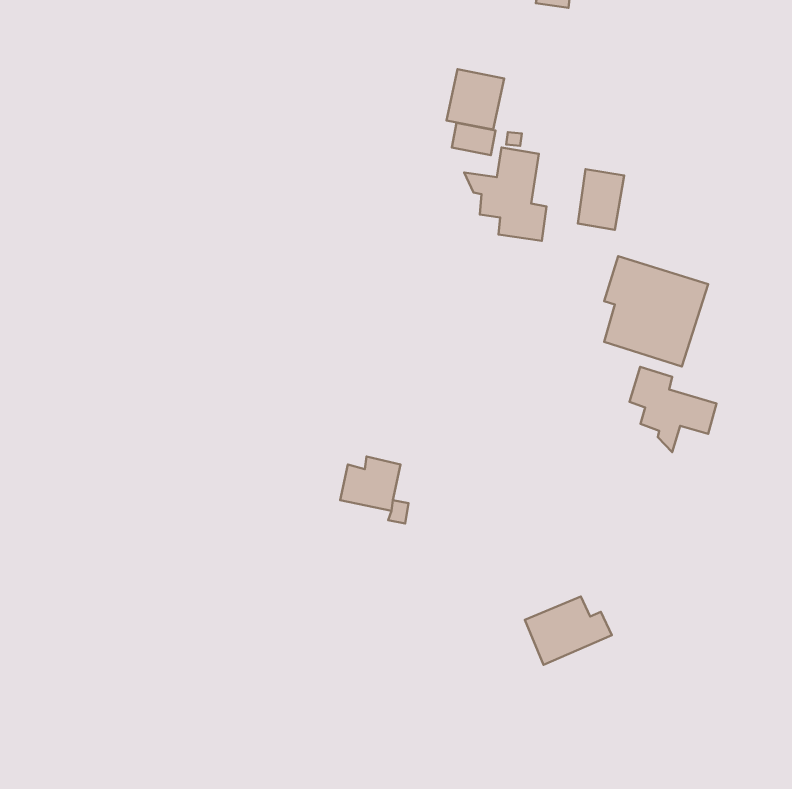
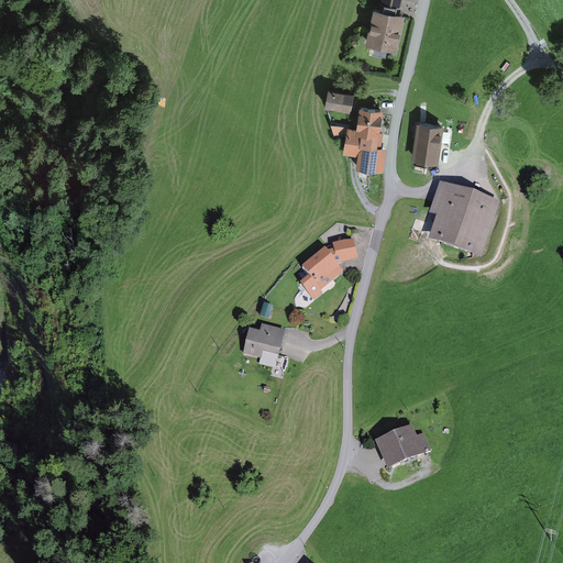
building: [447,69,504,130] -> [363,5,404,48]
building: none -> [300,238,362,300]
building: [629,367,717,452] -> none

